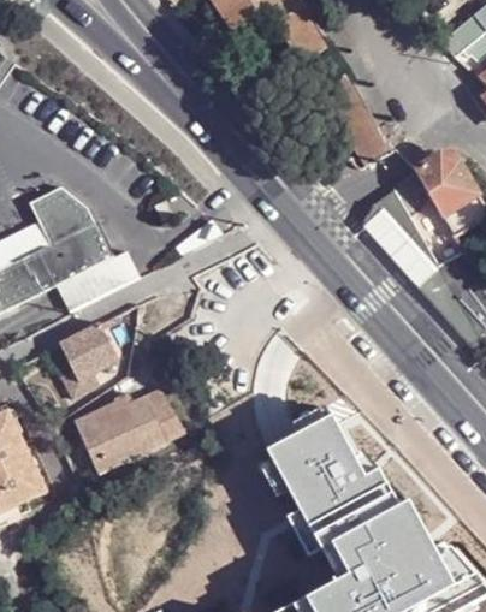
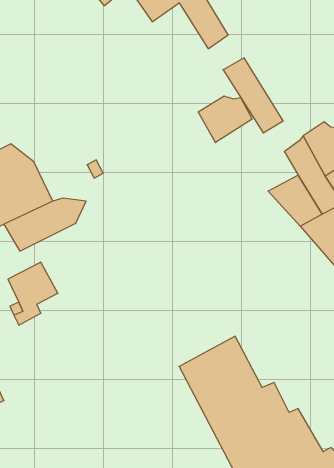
building: none -> [198,96,252,143]
building: [355,192,407,238] -> none
building: [75,390,189,474] -> none

